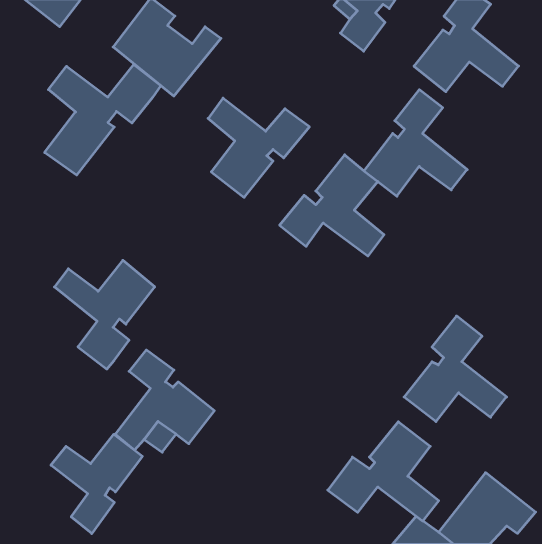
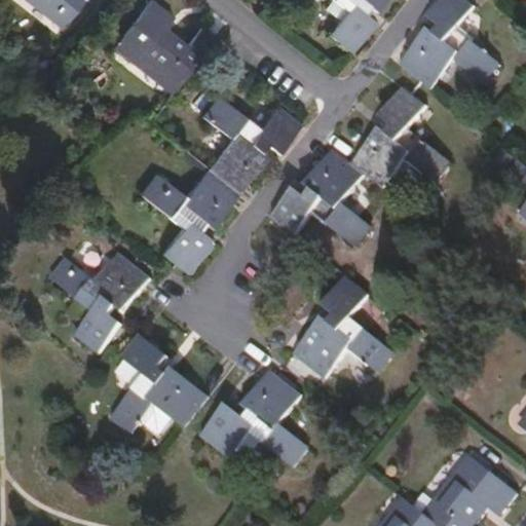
building: [45,65,161,175] -> none
building: none -> [139,165,235,276]
building: [404,316,507,422] -> [293,274,391,376]
building: [328,422,439,521] -> [200,370,307,465]
building: [51,434,142,534] -> none

